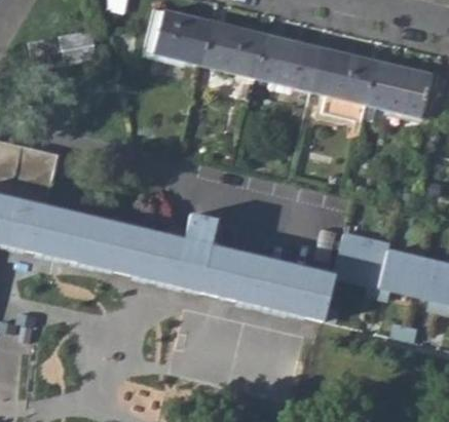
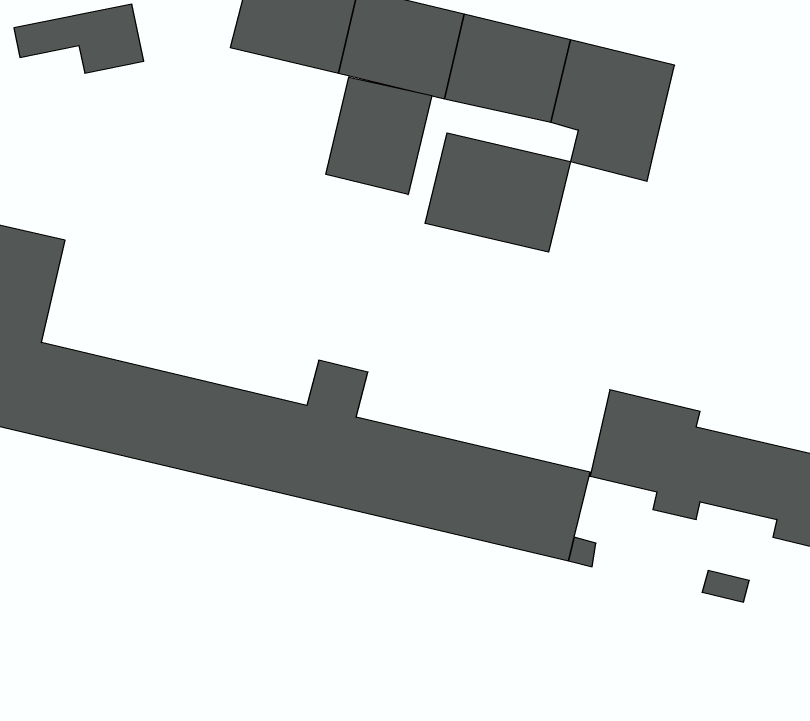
building: [366,61,432,117] -> none
building: none -> [326,77,432,195]
building: none -> [425,133,570,252]

